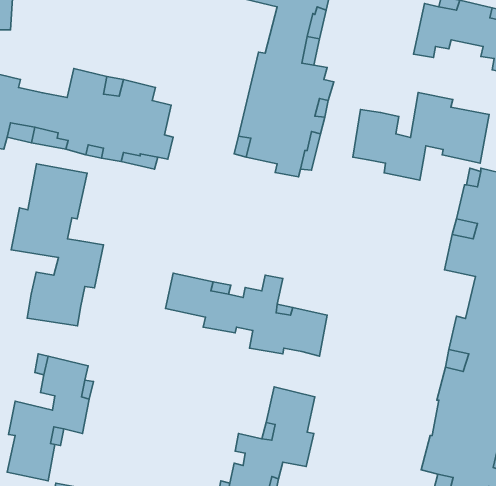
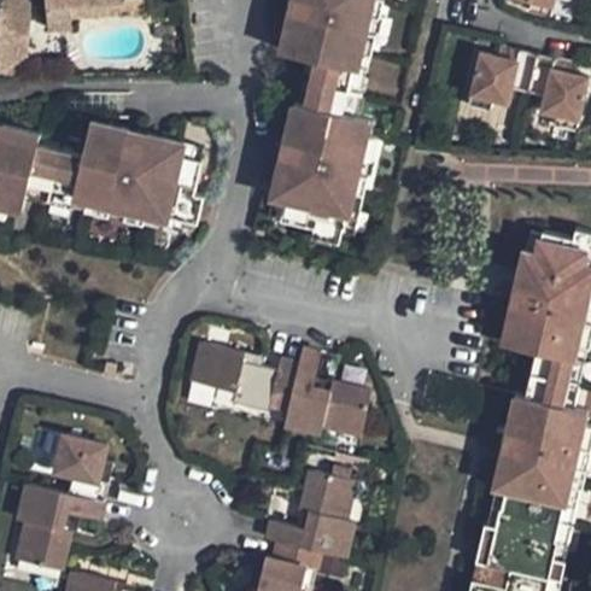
building: [353,93,489,180] -> none
building: [11,164,103,326] -> none

